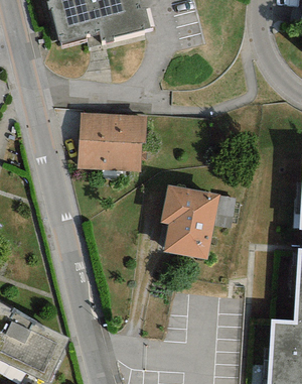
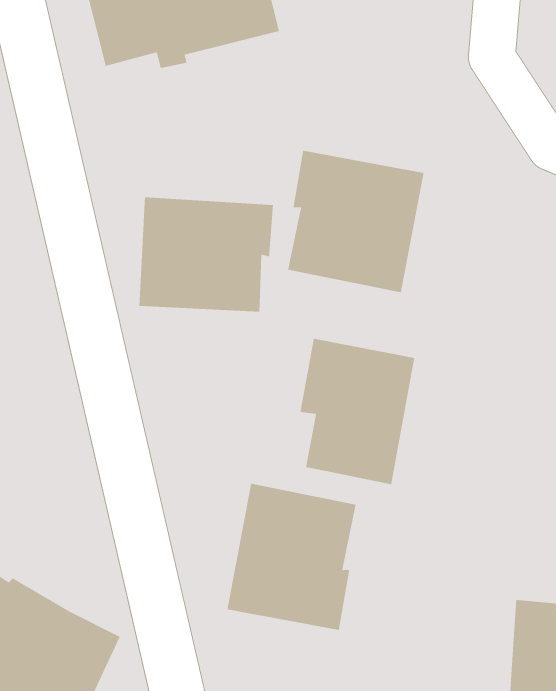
building: none -> [287,150,425,293]
building: none -> [226,483,356,631]

